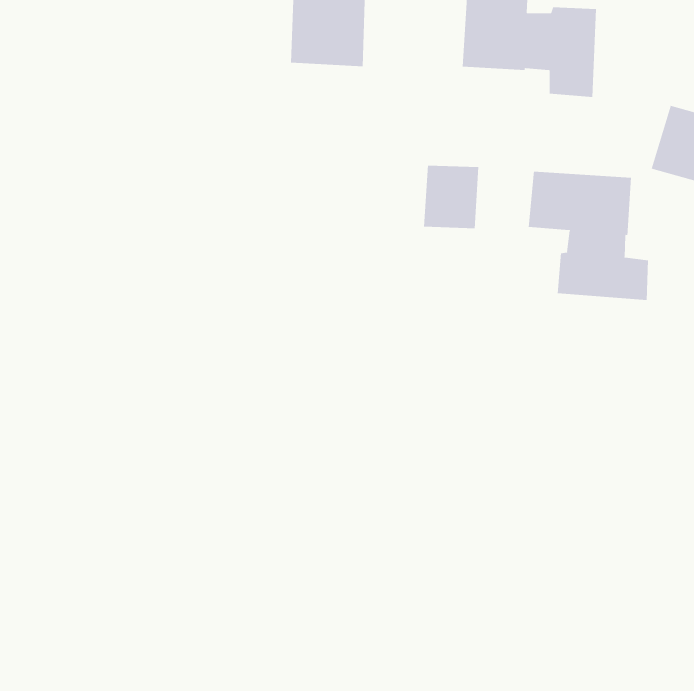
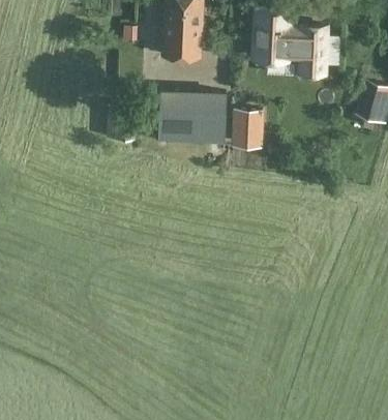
building: none -> [157,93,227,147]
building: [528,171,648,301] -> none

